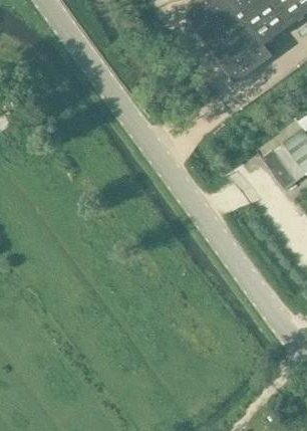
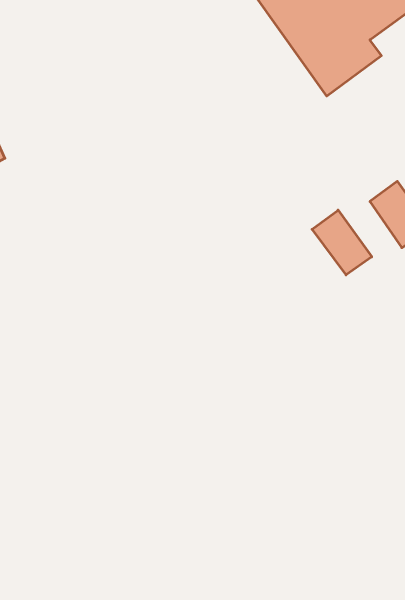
building: none -> [312,210,372,275]

